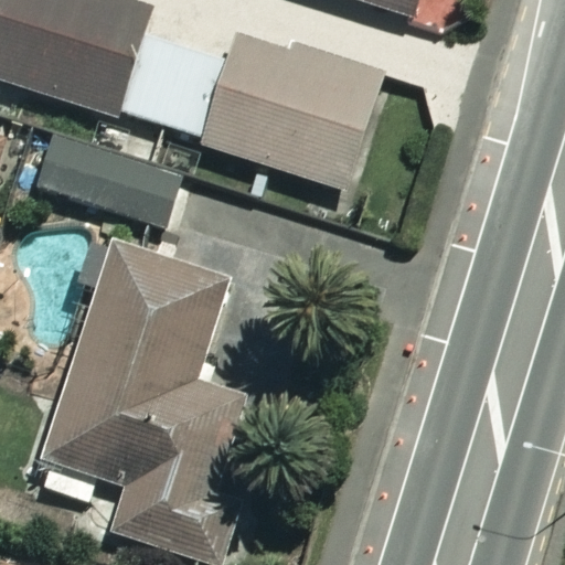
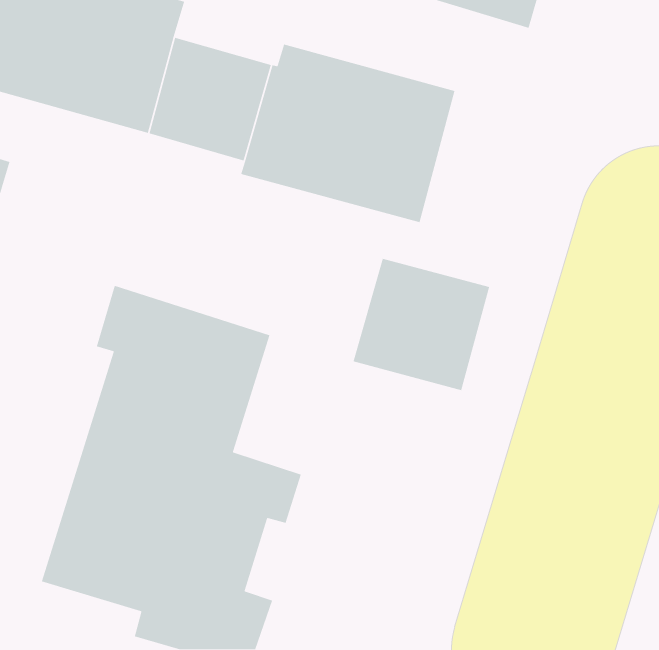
building: [33,130,184,231] -> none
building: none -> [353,258,490,391]

